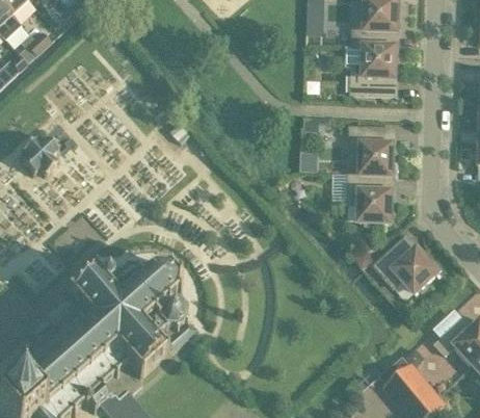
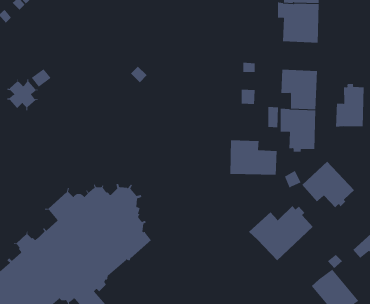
building: none -> [336,83,364,127]
building: none -> [230,140,277,176]
building: none -> [248,205,313,261]

